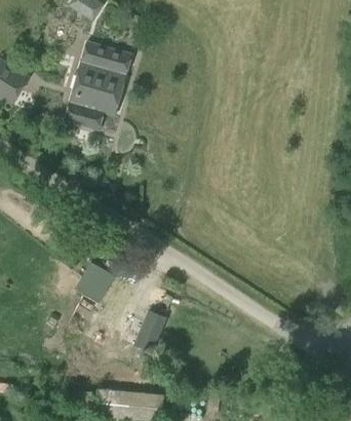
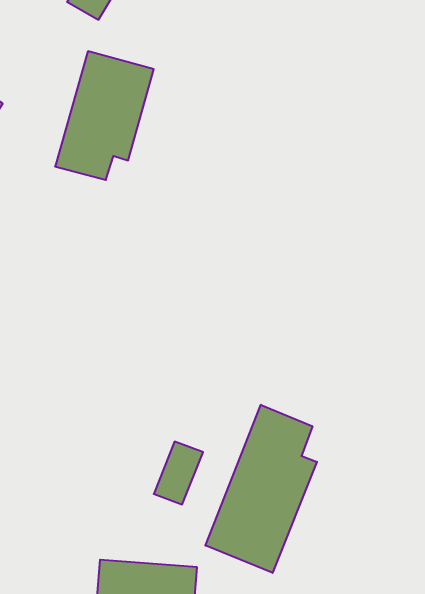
building: [75,260,115,301] -> none
building: none -> [205,405,317,573]

